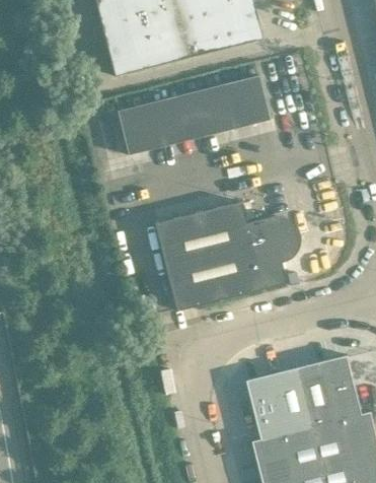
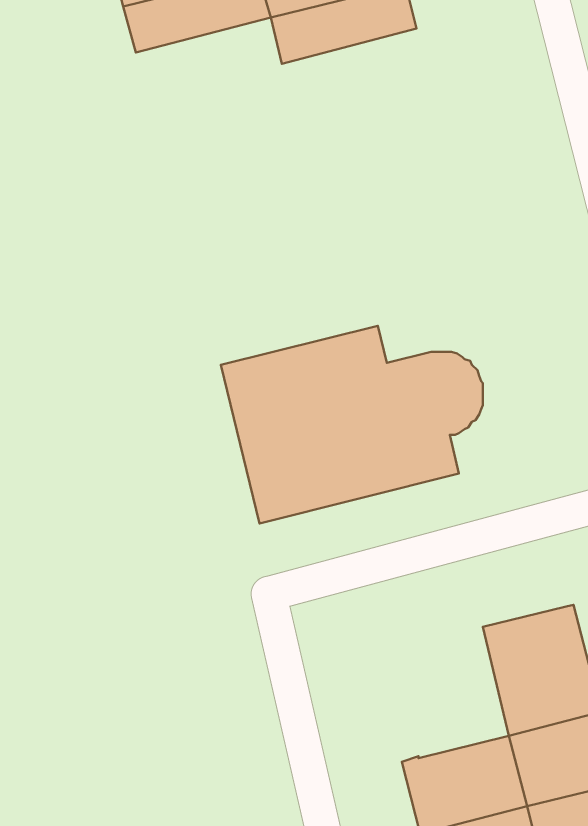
building: [107,32,187,76] -> none
building: [118,75,271,150] -> none
building: [247,367,312,439] -> none

